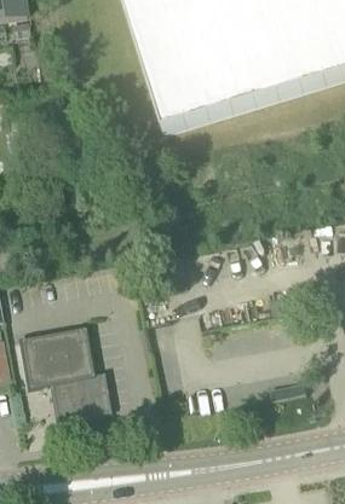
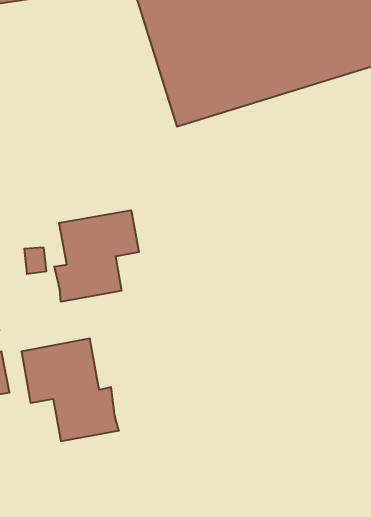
building: none -> [54,210,139,302]

